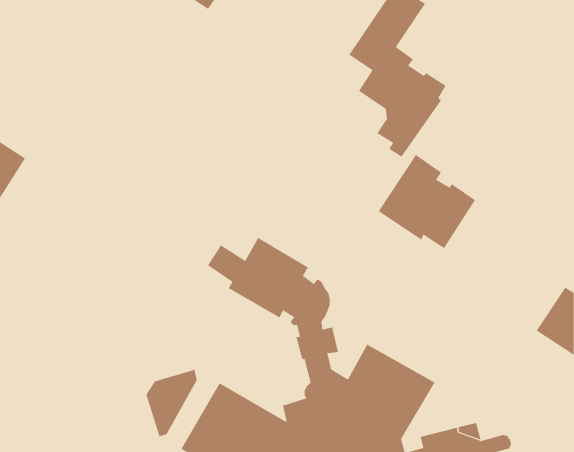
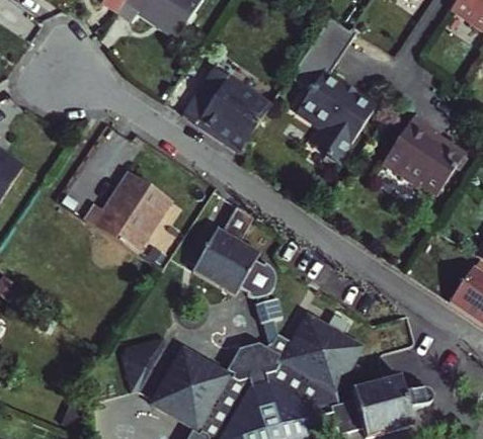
building: none -> [183,67,272,153]
building: [378,154,476,249] -> [382,114,464,193]
building: none -> [84,173,170,255]

